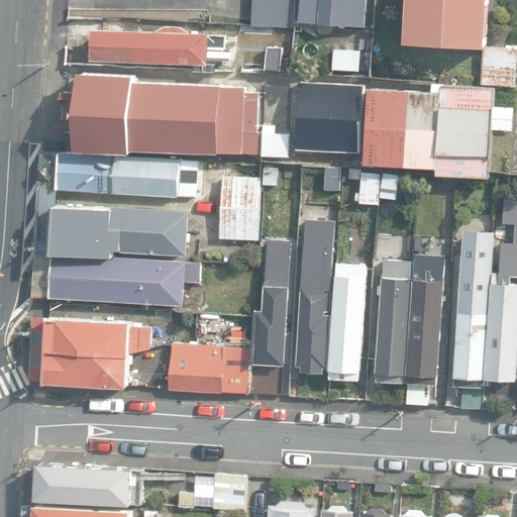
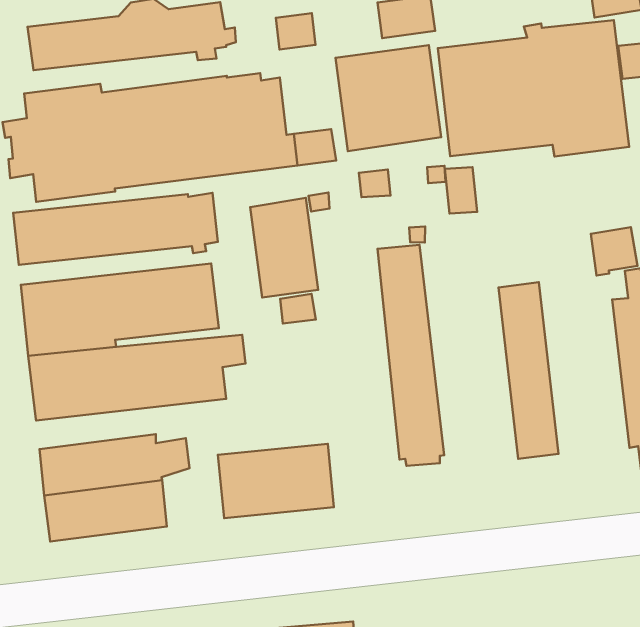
building: [251,241,289,368] -> none
building: [404,255,442,406] -> none
building: [327,265,364,382] -> none

